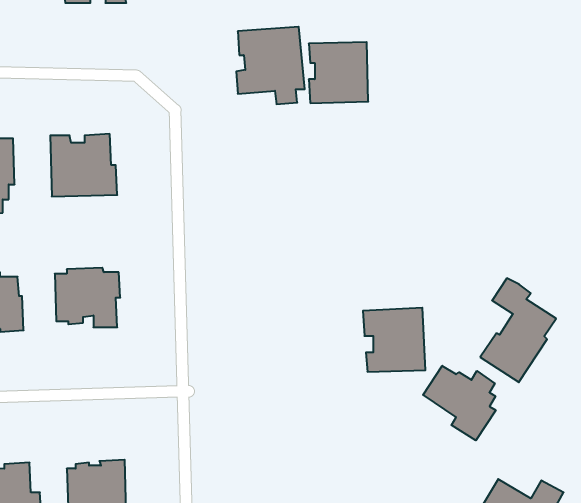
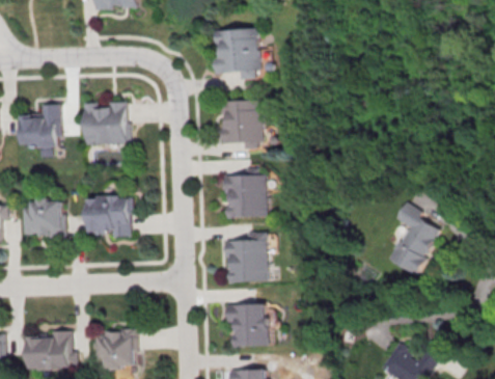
building: [309,42,368,103] -> [222,101,264,143]
building: none -> [224,174,268,219]
building: [363,308,425,372] -> [225,239,269,283]
building: [423,366,496,440] -> none
building: none -> [227,304,270,347]

